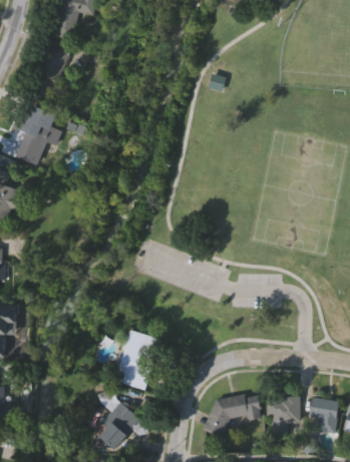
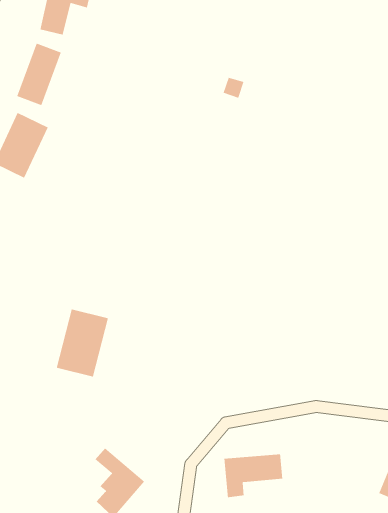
building: [116,331,161,390] -> [56,308,109,378]
building: [271,396,299,439] -> none
building: [307,397,339,433] -> none

